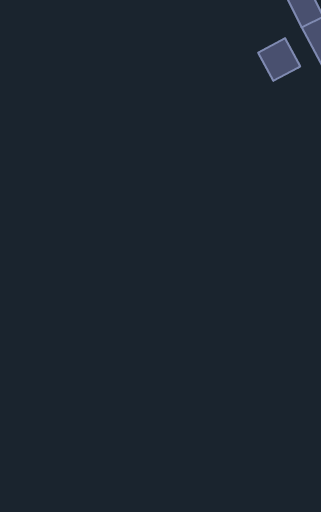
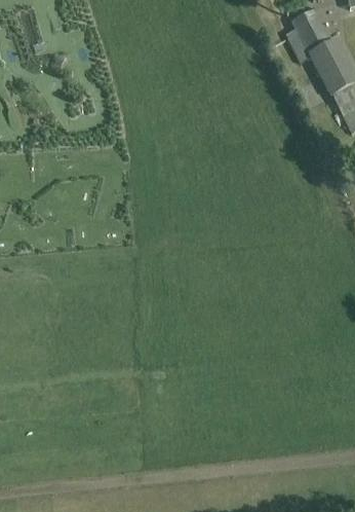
building: [258,38,300,81] -> none

